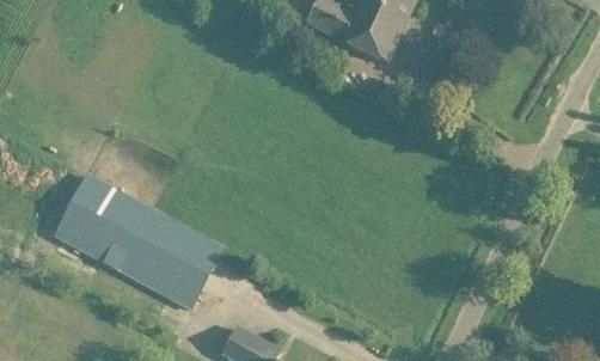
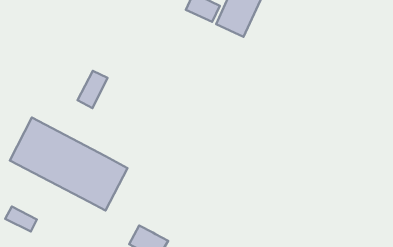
building: none -> [77,71,107,108]
building: none -> [5,206,37,231]

